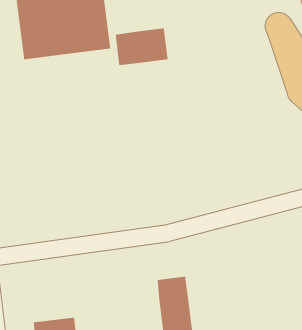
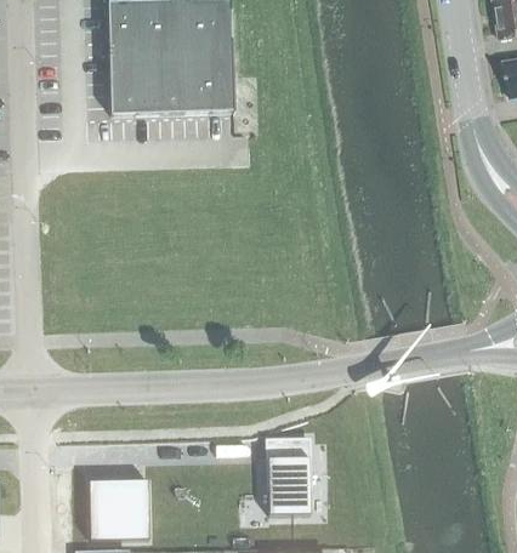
building: [115,27,168,66] -> none

